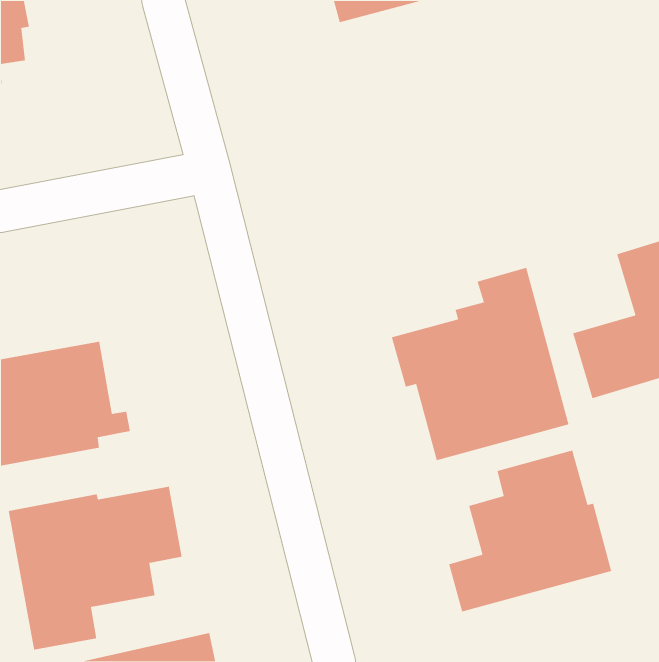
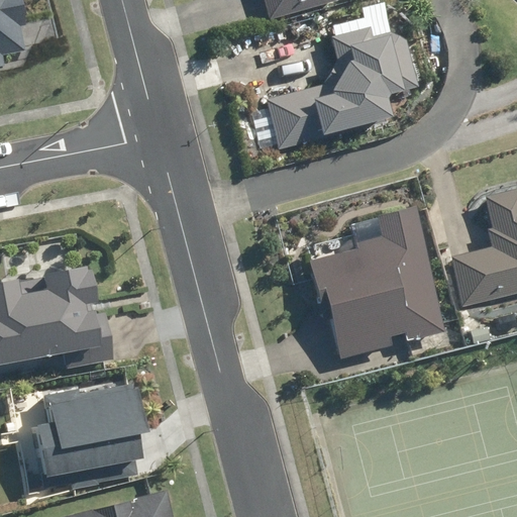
building: none -> [266,25,414,151]
building: [448,450,612,612] -> none

